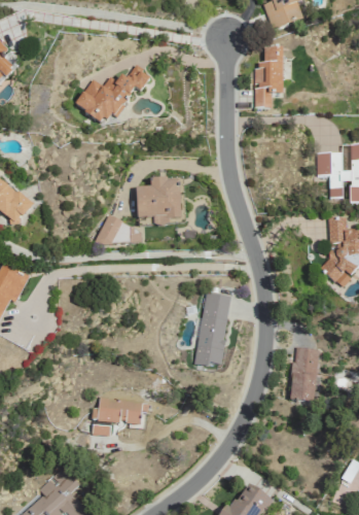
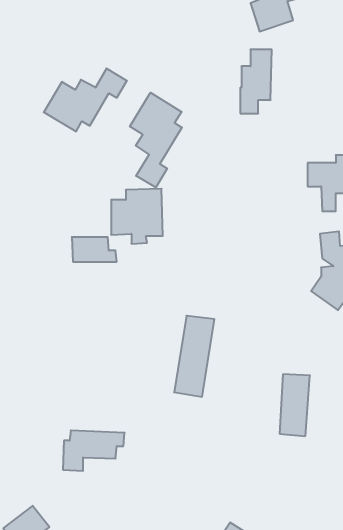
building: none -> [130,93,182,187]

